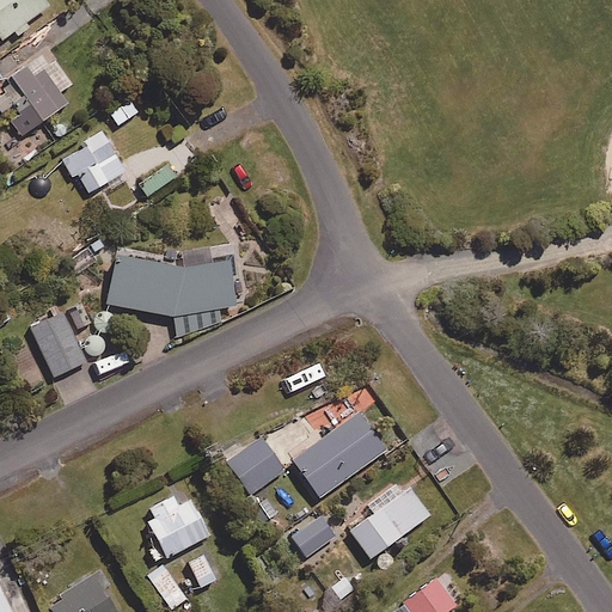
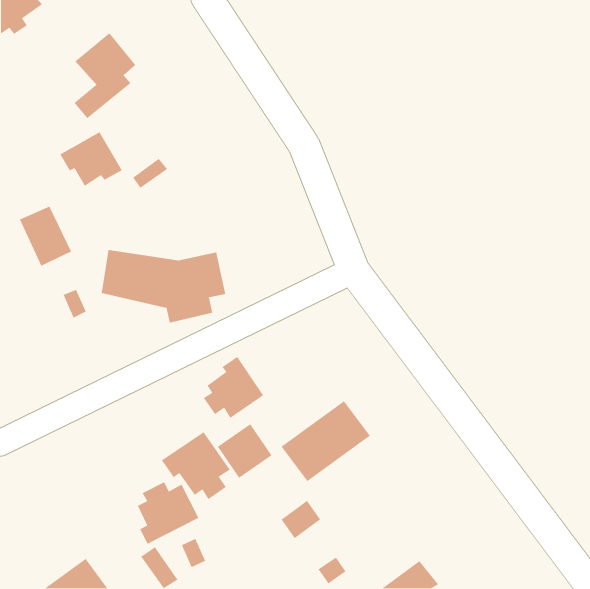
building: [7,47,72,136] -> [73,32,136,119]
building: [31,312,86,375] -> [19,205,72,267]
building: none -> [203,356,264,419]
building: none -> [161,431,231,500]
building: [349,486,429,558] -> none

